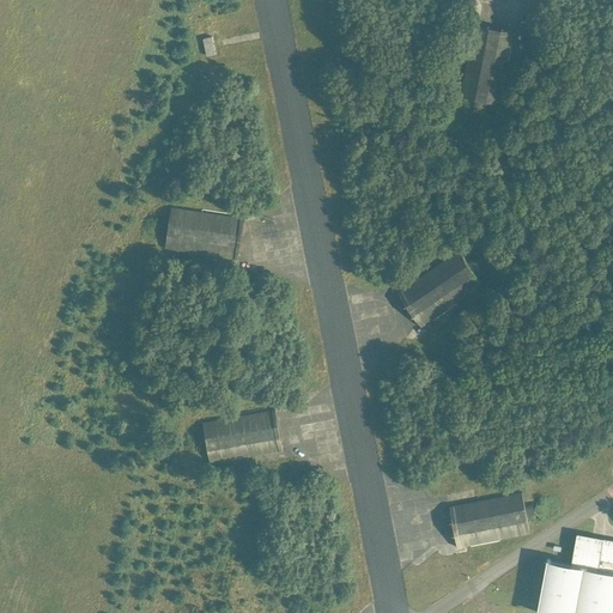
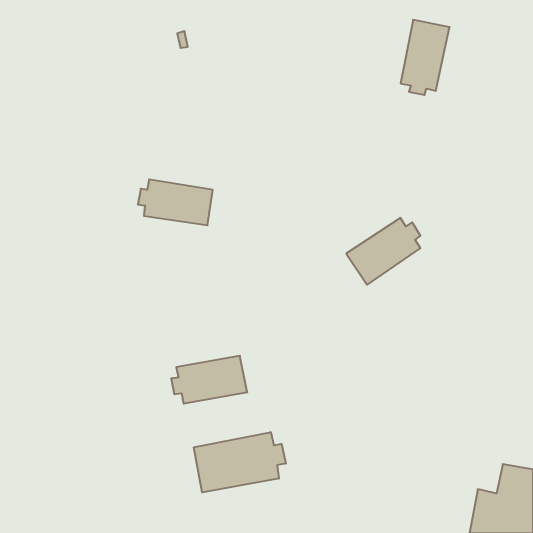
building: [449,492,536,547] -> none
building: none -> [194,432,286,492]

